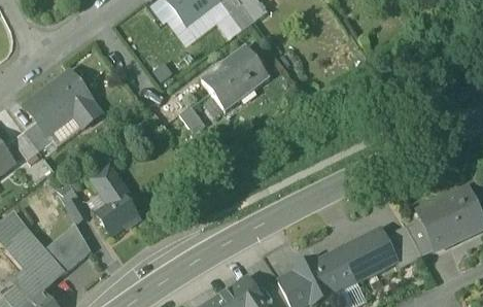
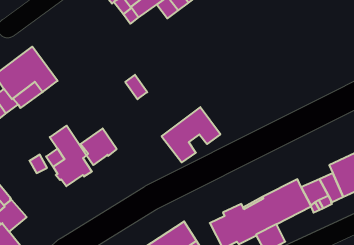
building: [201,45,270,110] -> [162,107,220,162]
building: none -> [81,128,116,165]
building: [44,225,91,272] -> none

